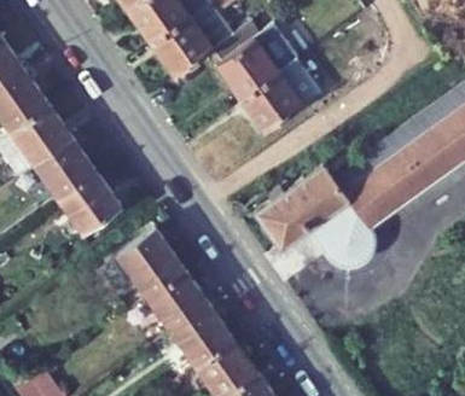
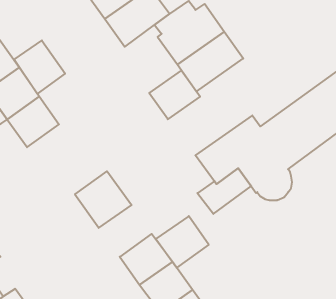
building: none -> [14,40,65,94]
building: none -> [149,70,200,119]
building: [58,173,122,235] -> none
building: [145,270,209,333] -> [156,216,209,268]

